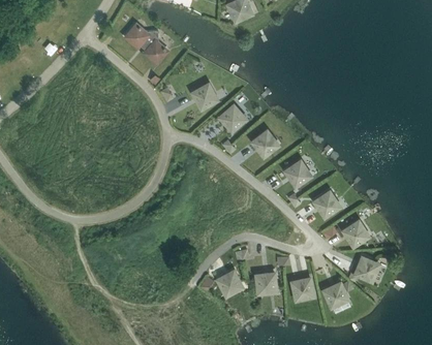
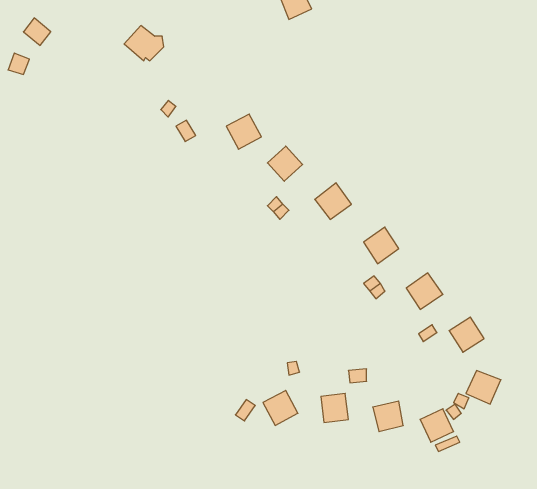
building: [141,29,166,62] -> none

